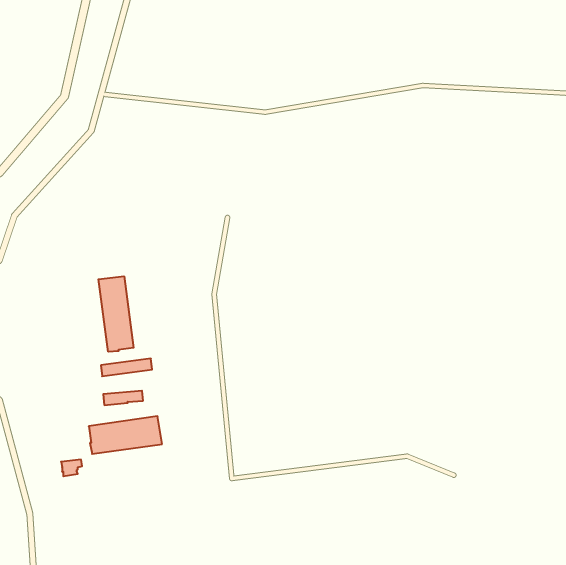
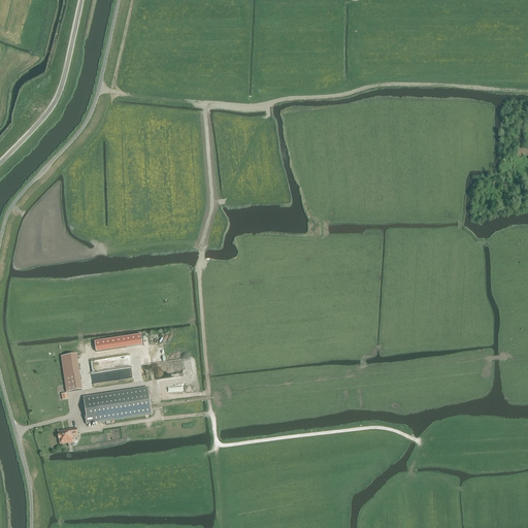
building: [98,276,134,352] -> none
building: none -> [60,353,80,391]

